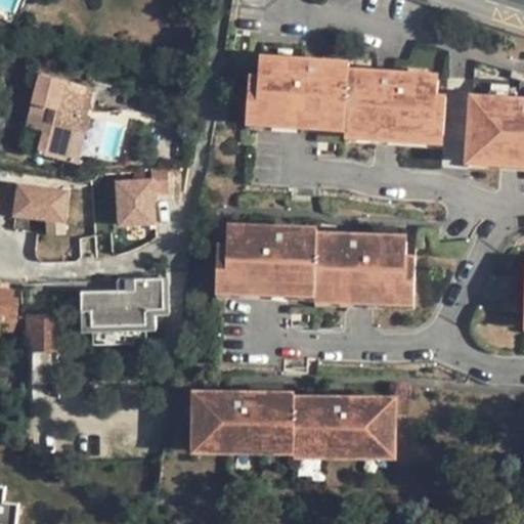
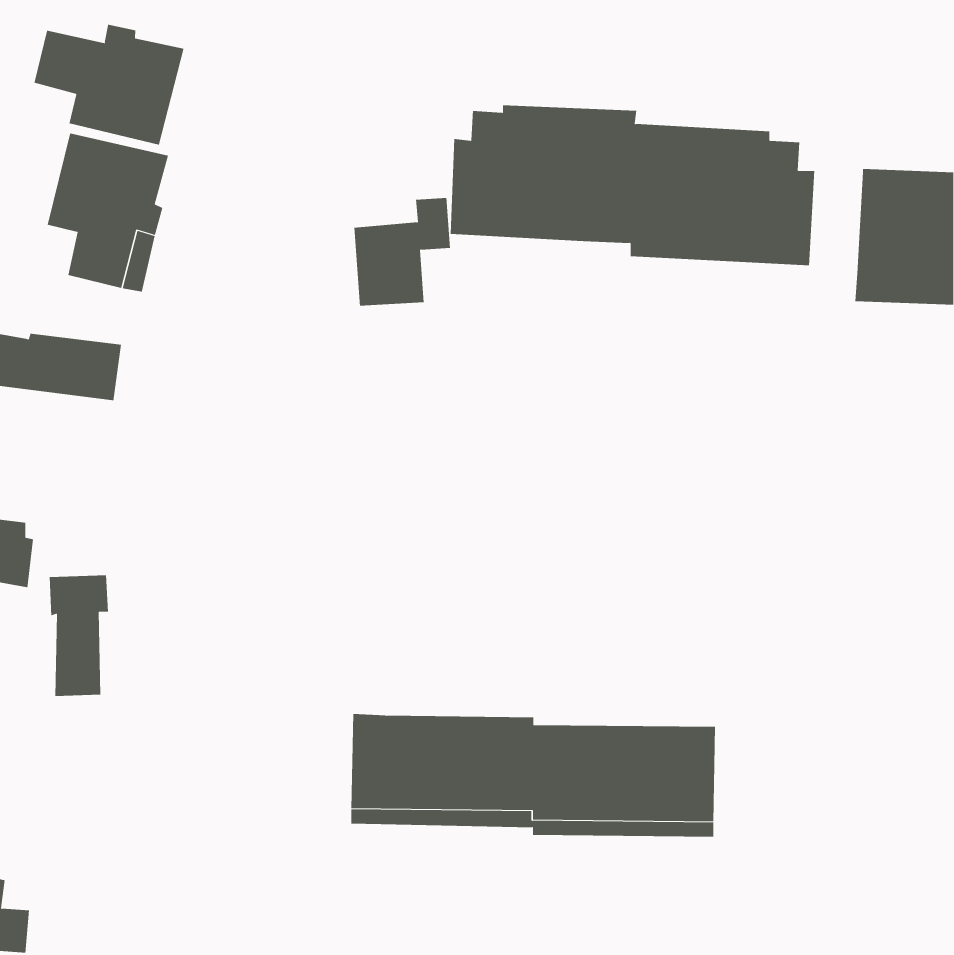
building: none -> [34,24,184,145]
building: [115,163,168,222] -> [353,198,451,306]
building: [214,225,413,308] -> none
building: [81,275,158,331] -> none

